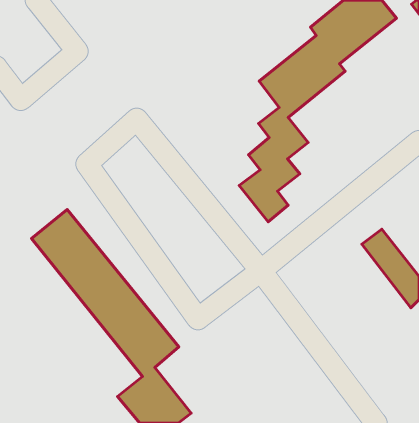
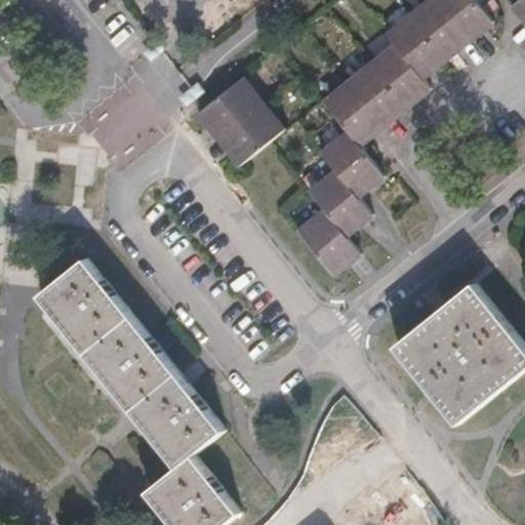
building: none -> [196,77,283,165]
building: none -> [395,302,509,422]

